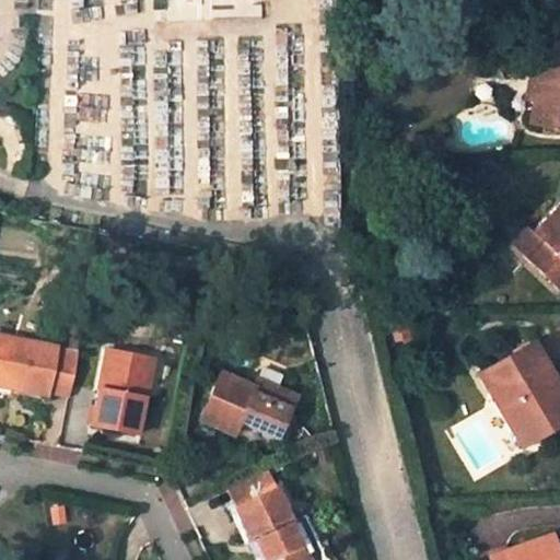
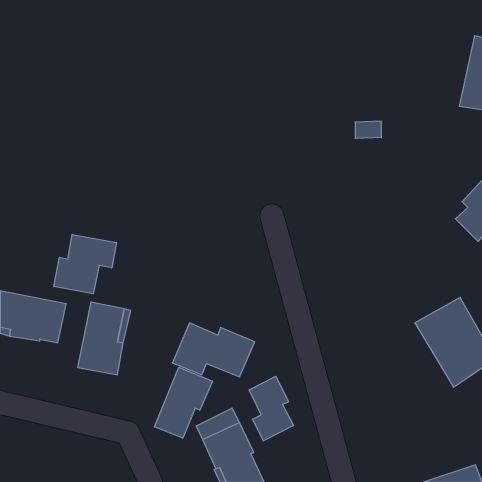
building: none -> [54,234,117,294]
building: none -> [155,367,212,438]
building: none -> [249,376,294,441]

